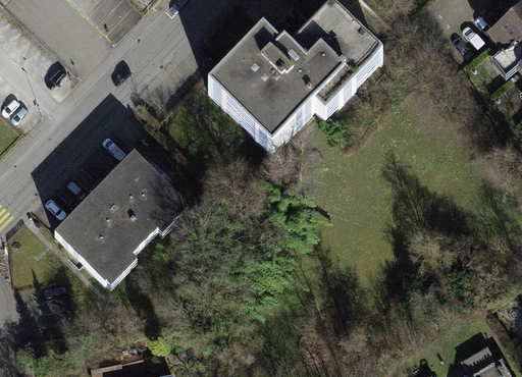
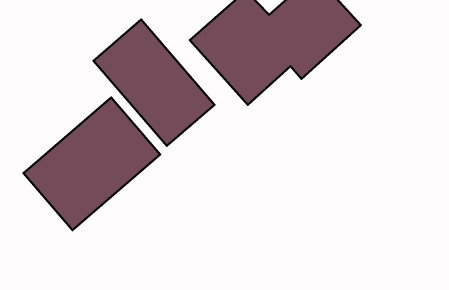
building: none -> [94,20,214,146]

